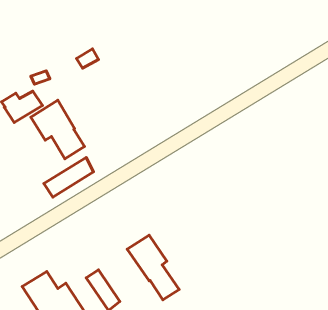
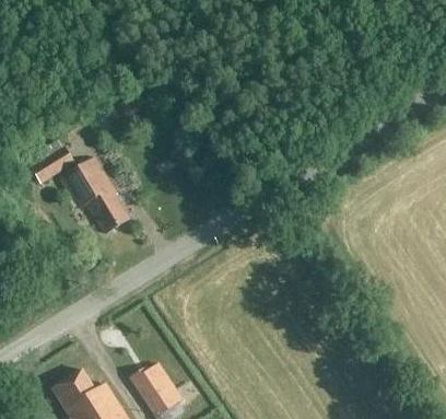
building: [44,158,93,197] -> none
building: [127,235,179,300] -> none

